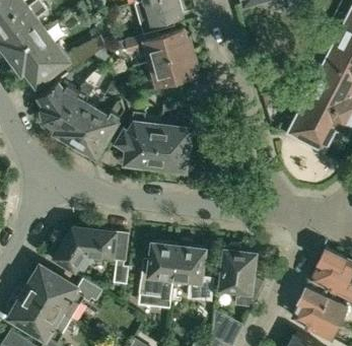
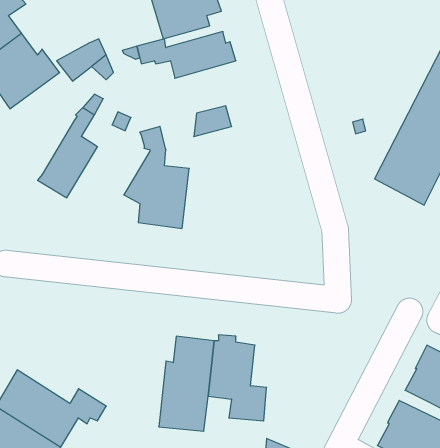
building: [134,50,197,95] -> none
building: [36,80,80,129] -> none
building: [75,99,124,156] -> none
building: [155,108,198,169] -> none
building: [49,226,129,284] -> none
building: [220,244,263,306] -> none

